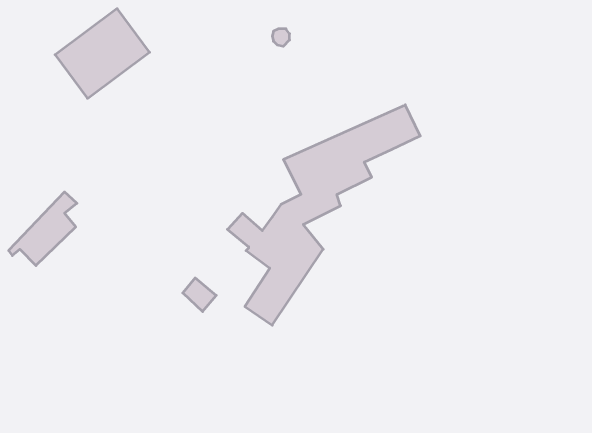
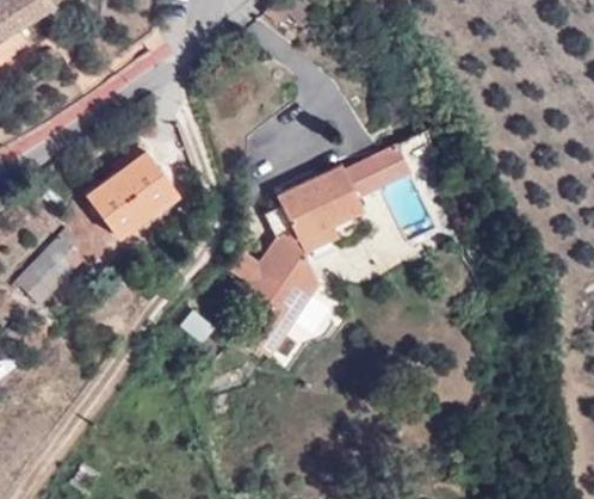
building: [55,9,150,98] -> [86,149,177,235]

